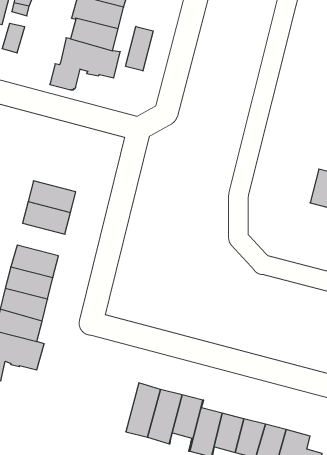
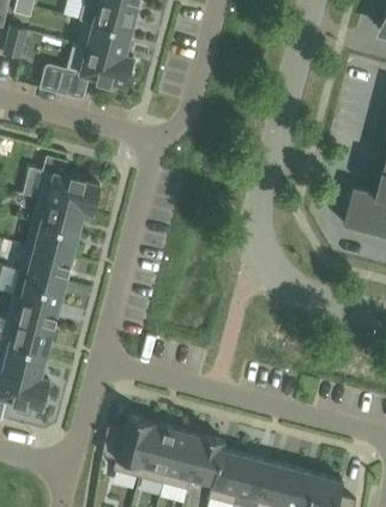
building: [126,26,153,71] -> none
building: none -> [37,157,99,215]
building: none -> [19,248,72,284]
building: none -> [102,418,153,478]

